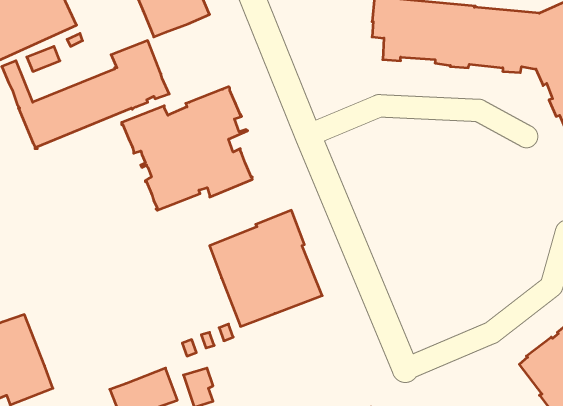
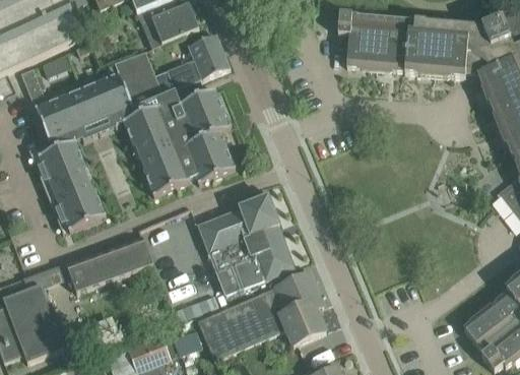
building: none -> [156,34,229,95]
building: none -> [38,139,106,230]
building: none -> [68,241,152,292]
building: none -> [197,269,325,358]

